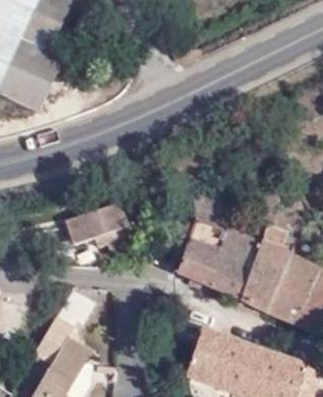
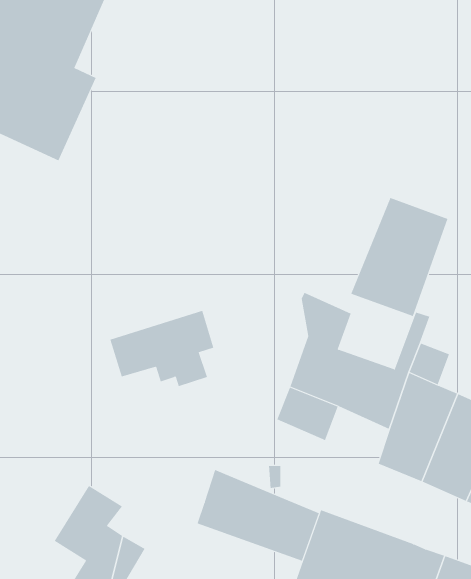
building: none -> [350,197,448,317]
building: [206,264,247,300] -> none
building: none -> [197,469,319,561]

